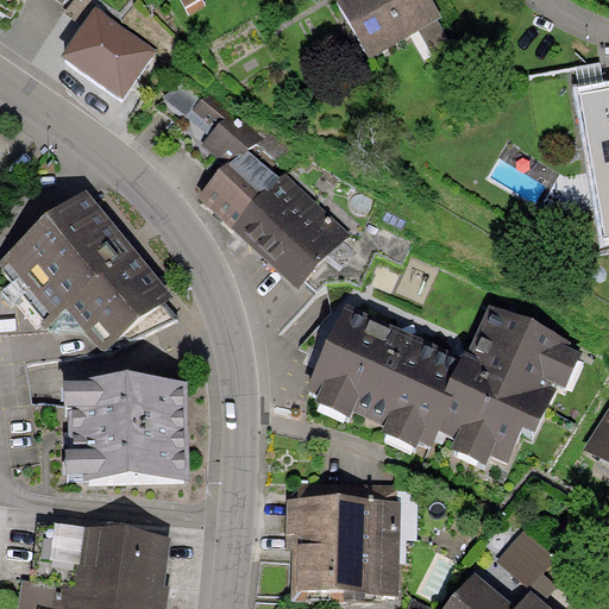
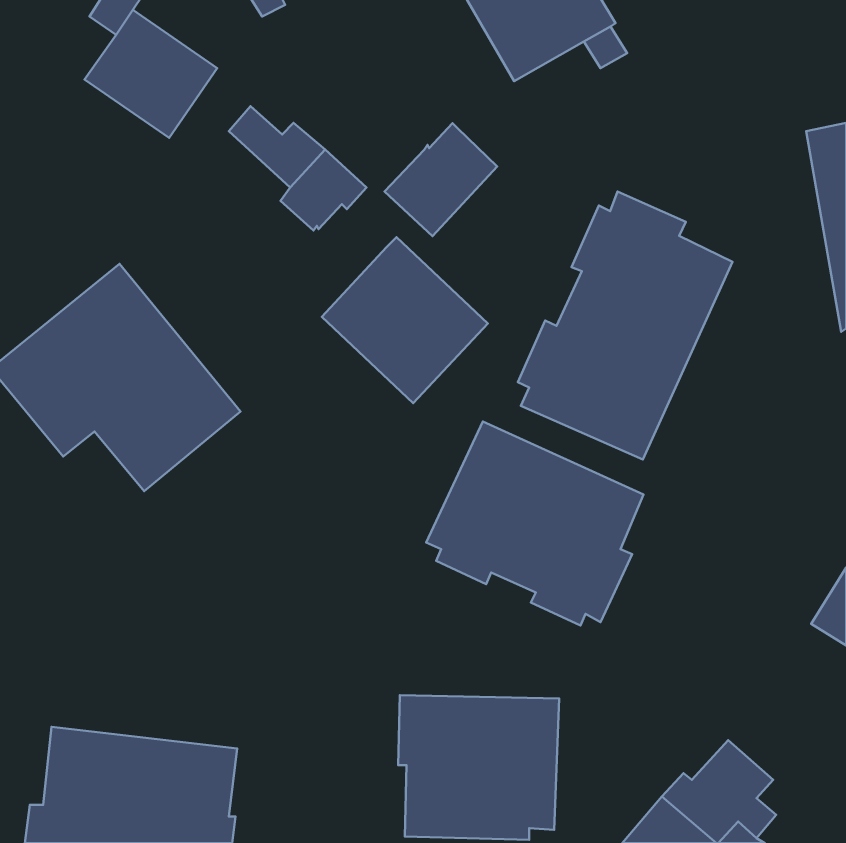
building: none -> [518,191,732,459]
building: [196,146,277,227] -> [384,123,497,236]
building: [438,304,580,465] -> none
building: [63,379,188,482] -> none

